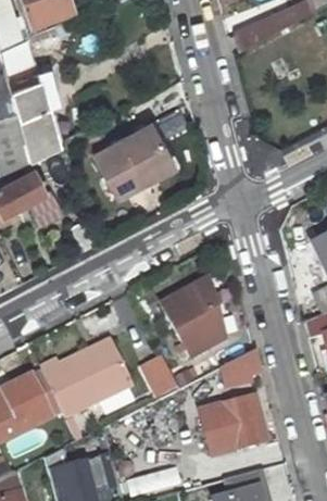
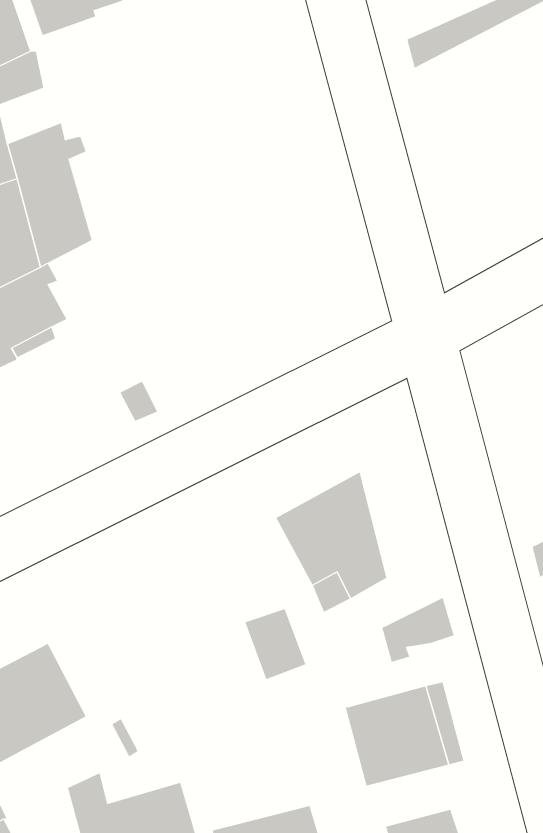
building: [95,123,174,196] -> none
building: [41,336,135,415] -> none

